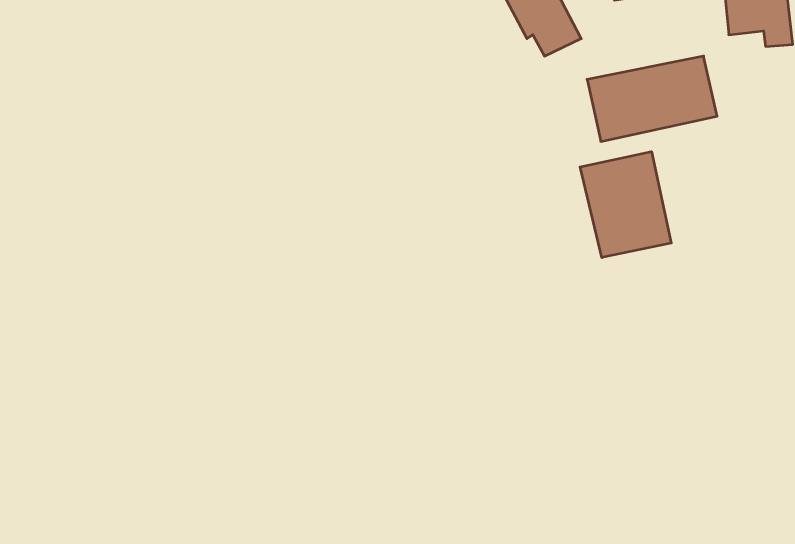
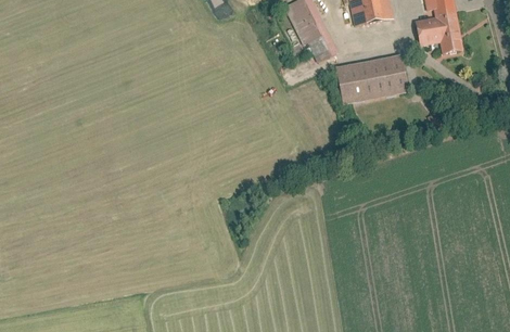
building: [580,152,671,258] -> none

